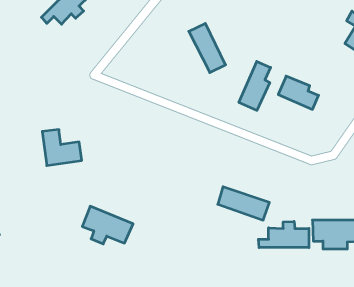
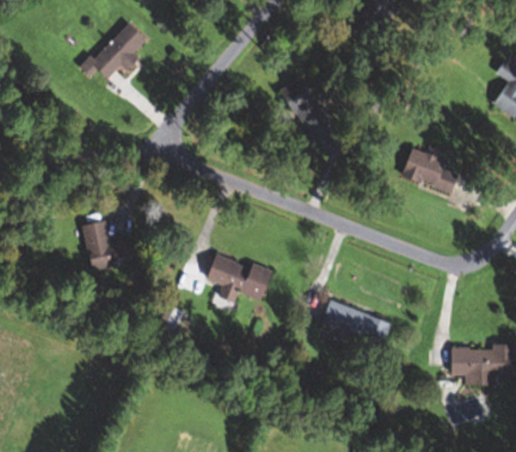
building: [239,61,271,110] -> none
building: [82,206,133,244] -> [204,251,274,303]
building: [258,221,309,248] -> none

